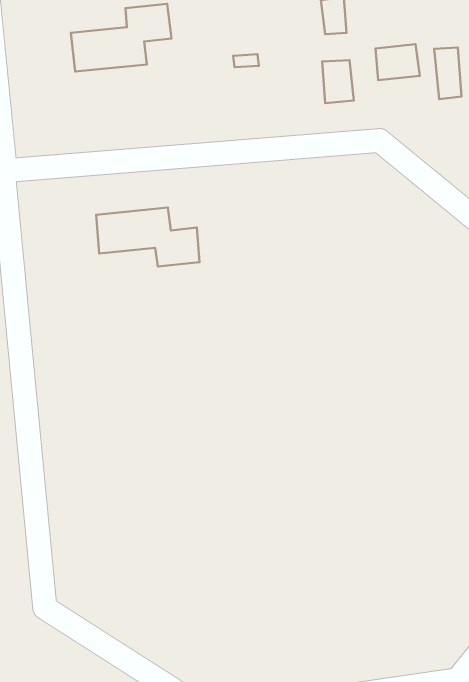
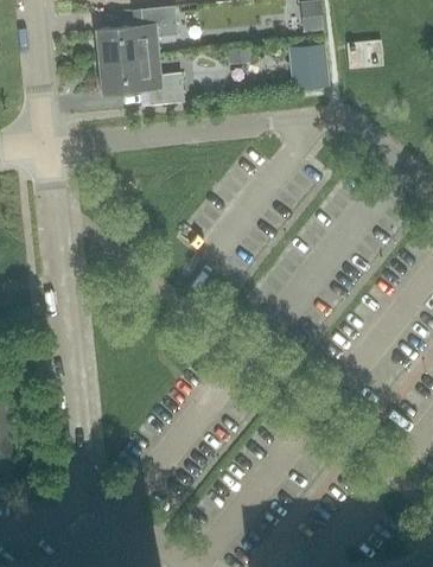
building: [434,47,462,99] -> none
building: [96,208,200,266] -> [98,57,184,106]

